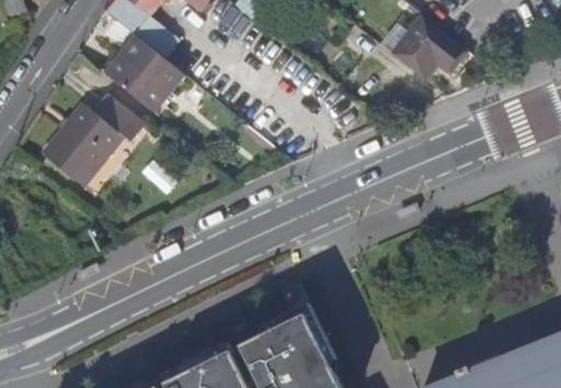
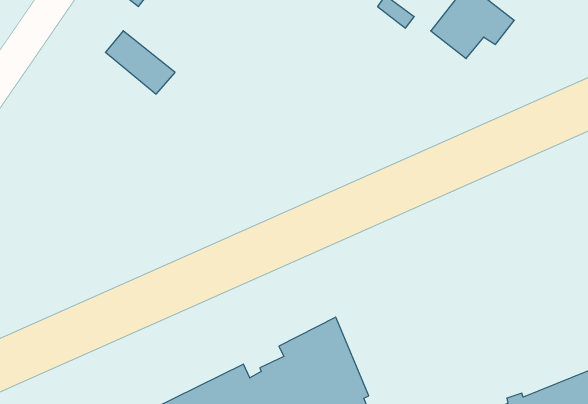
building: [124,37,184,92] -> none
building: [44,95,145,183] -> none

